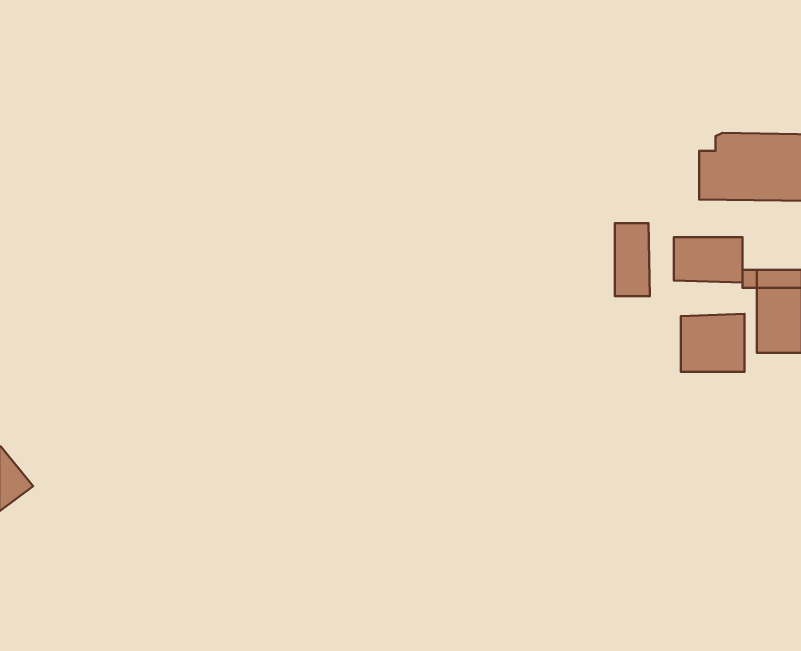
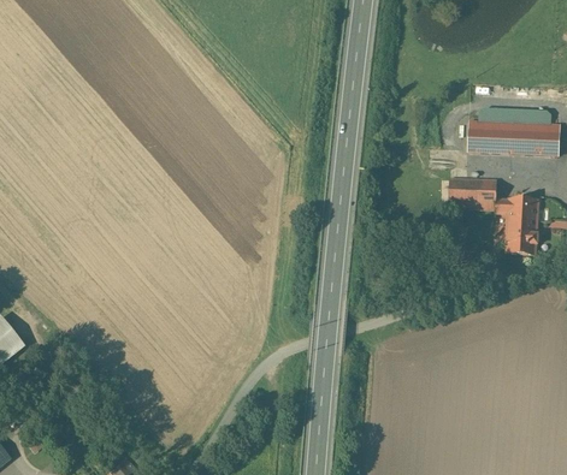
building: [615,223,650,296] -> none
building: [681,314,745,372] -> none

